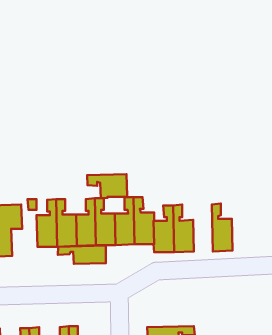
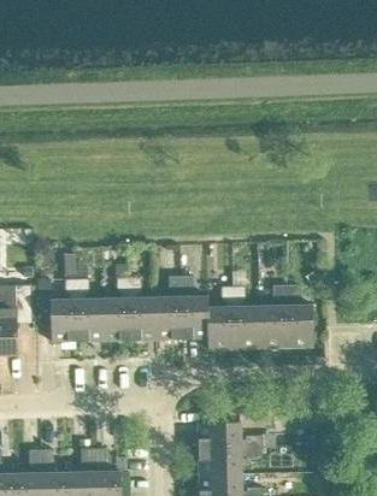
building: [87,174,127,198] -> none
building: none -> [260,285,287,348]
building: [58,245,106,264] -> none
building: none -> [199,421,261,449]

